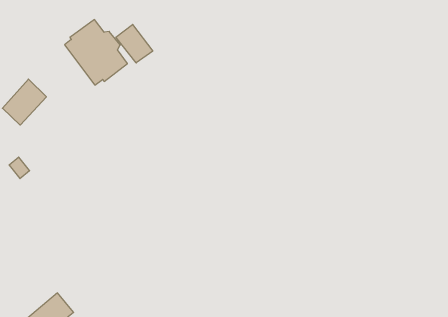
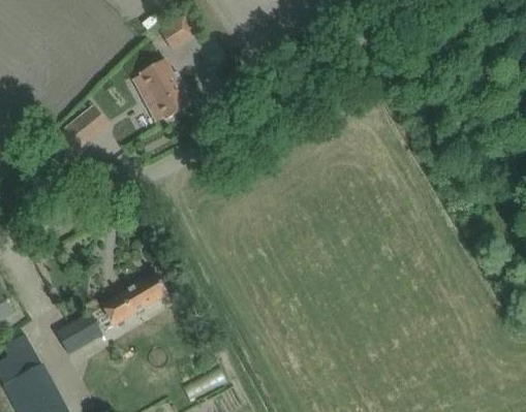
building: [116,24,153,63] -> none
building: none -> [102,274,167,325]

